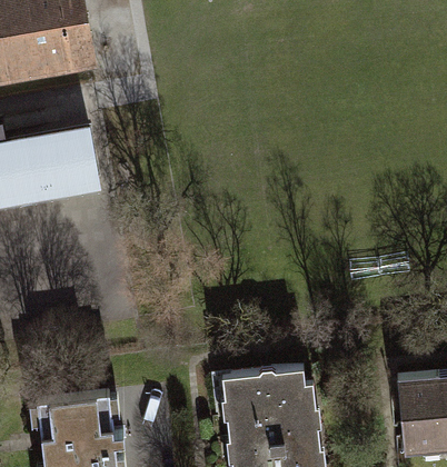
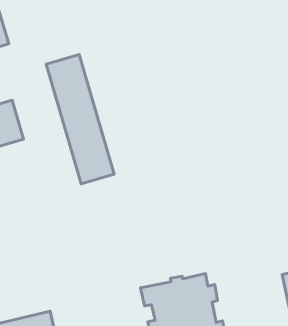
building: none -> [46,55,114,184]

